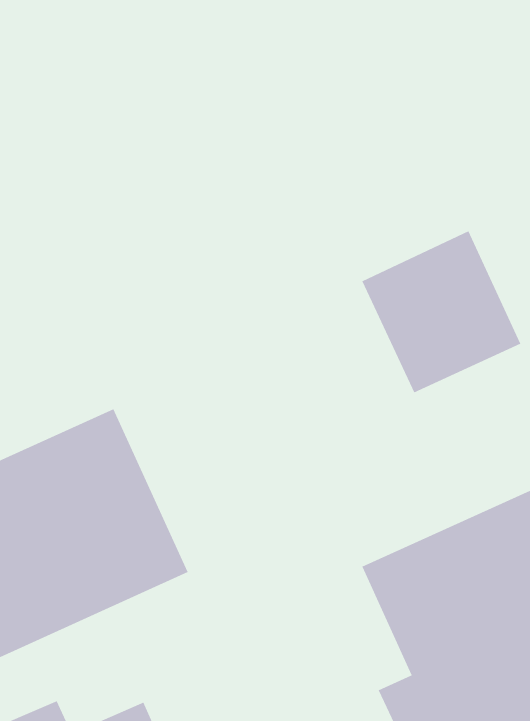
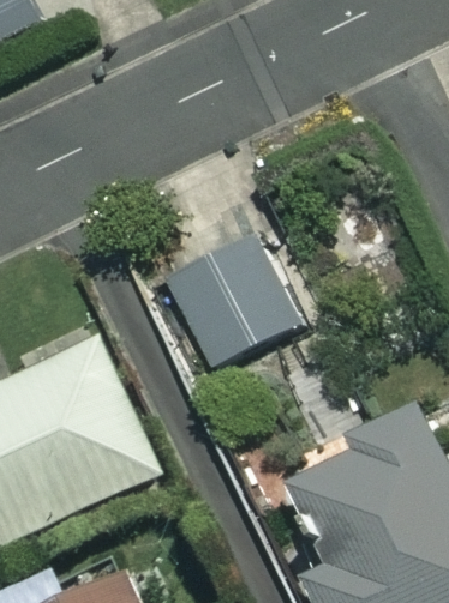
building: [362,231,521,393] -> [169,230,298,361]

